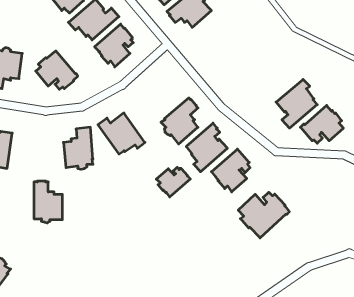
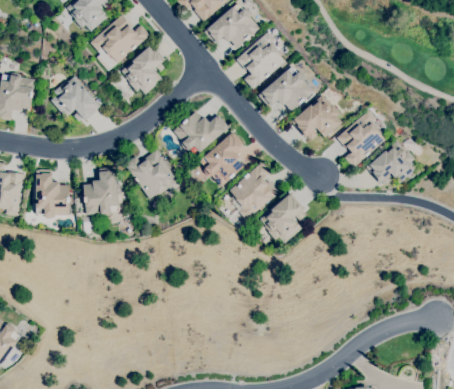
building: none -> [236,31,286,89]
building: none -> [258,66,314,111]
building: none -> [292,95,343,140]
building: none -> [173,111,229,156]
building: [156,167,190,197] -> none
building: [34,181,62,223] -> [36,169,70,219]
building: [238,192,289,238] -> none

